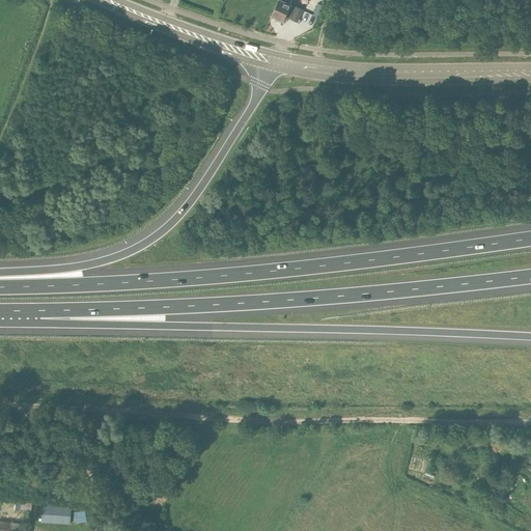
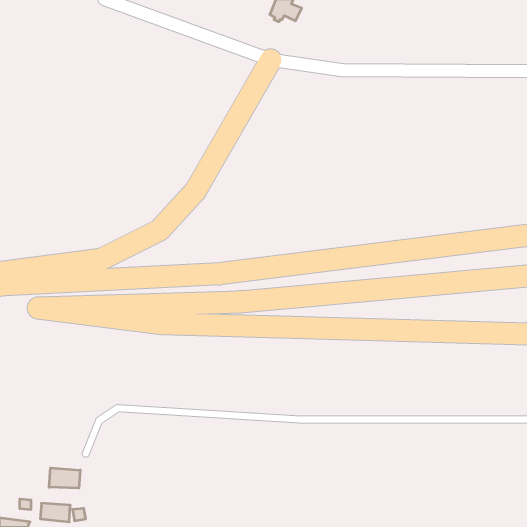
building: none -> [49,468,80,488]

